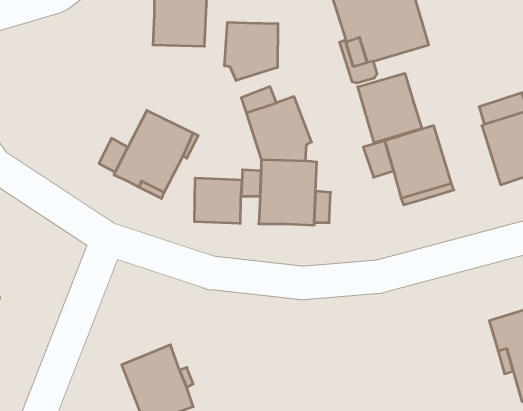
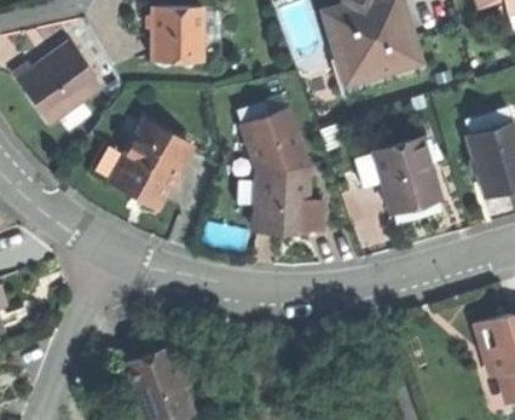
building: [225,22,278,81] -> none
building: none -> [13,42,102,125]
building: [358,73,422,143] -> none
building: [195,178,242,224] -> none

